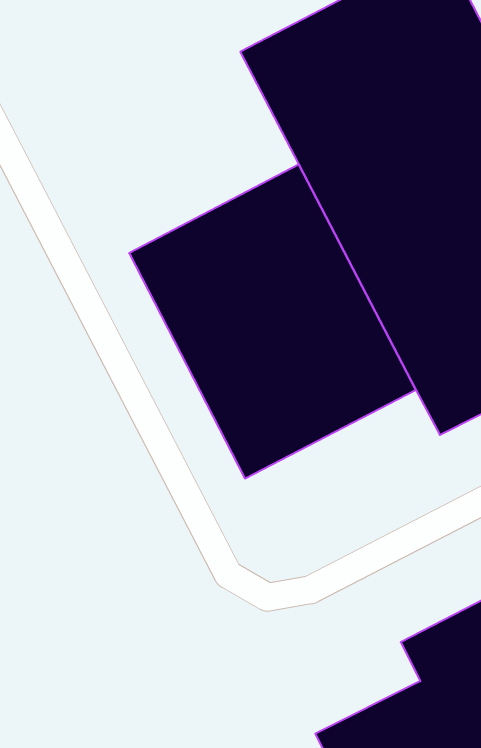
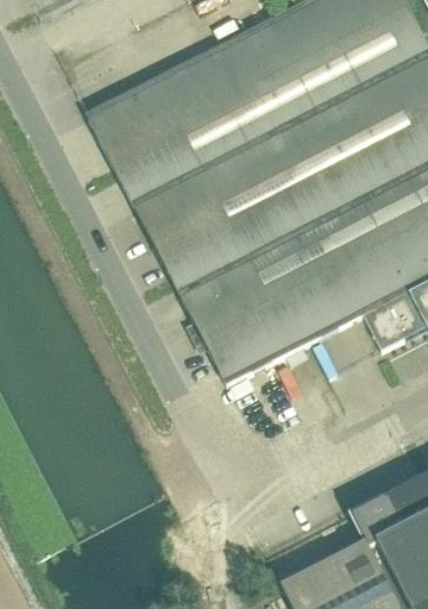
building: none -> [88,45,269,205]

